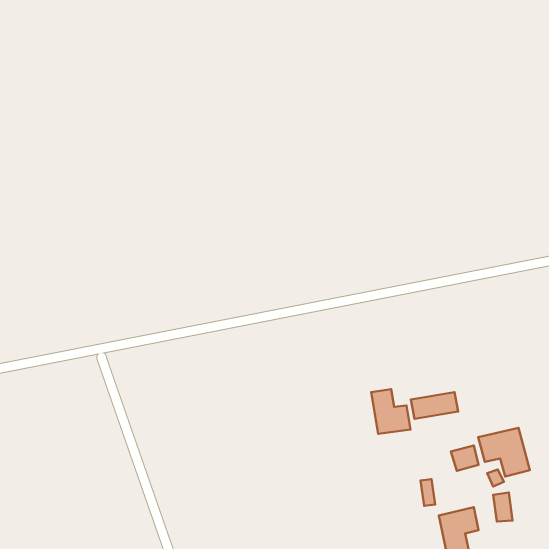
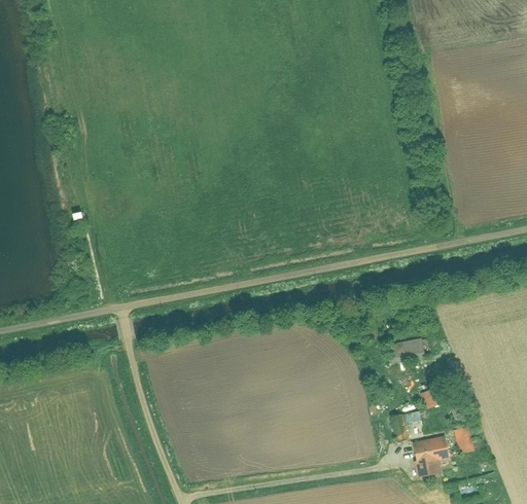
building: [371,389,410,434] -> none
building: [478,428,530,477] -> none

